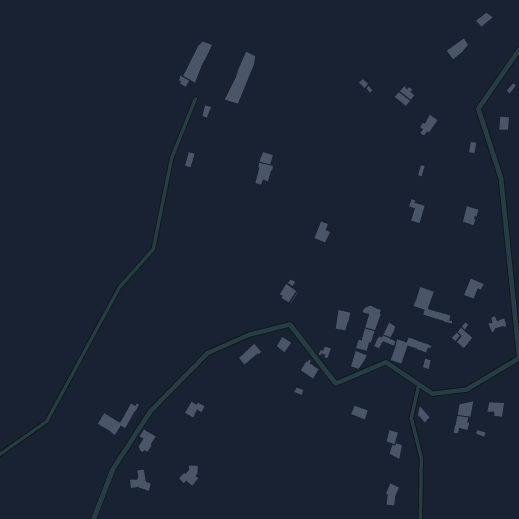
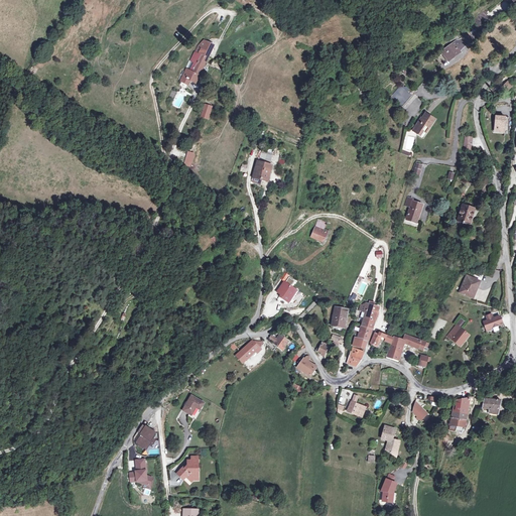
building: [224,51,256,105] -> none
building: [413,286,453,324] -> none
building: [97,403,140,436] -> none

